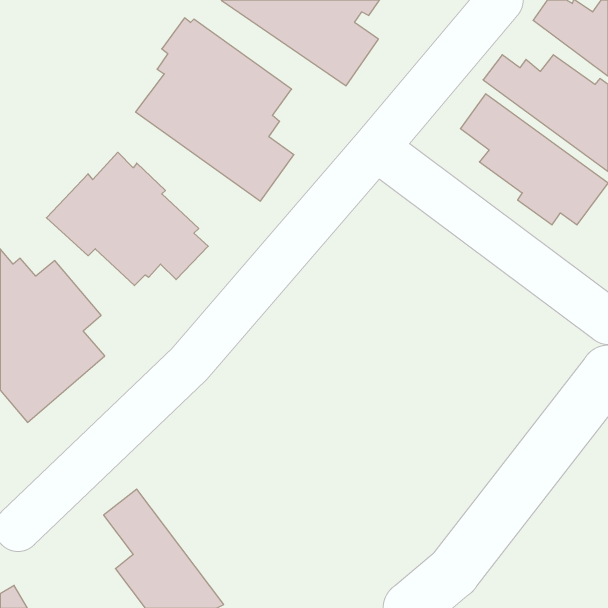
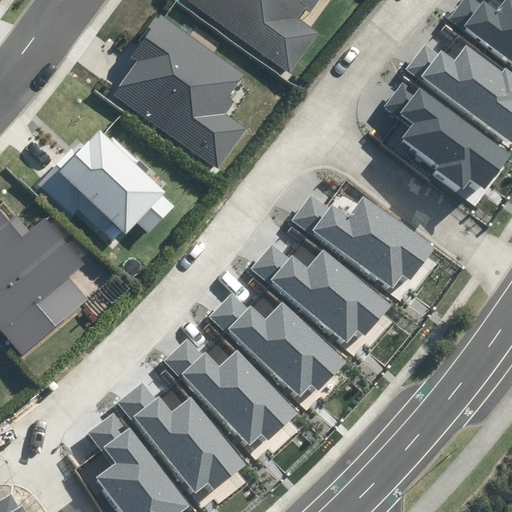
building: none -> [292,192,434,288]
building: none -> [251,240,390,342]
building: none -> [210,291,347,396]
building: none -> [164,338,300,445]
building: none -> [117,382,248,493]

